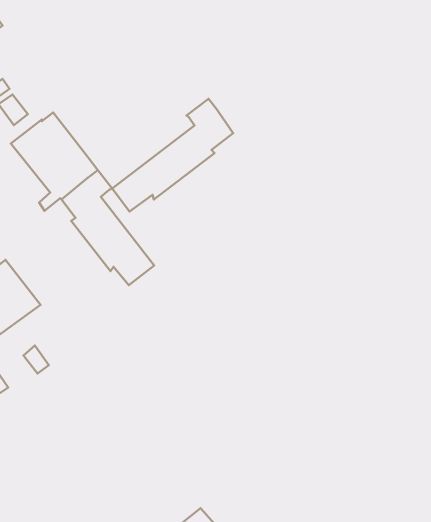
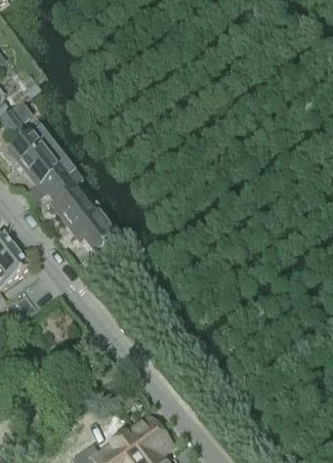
building: [112,99,233,211] -> none

